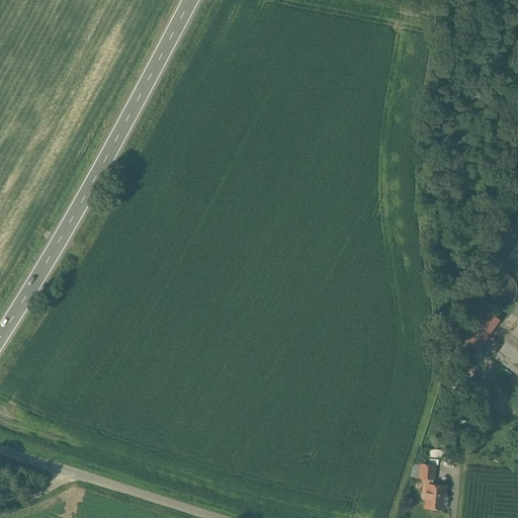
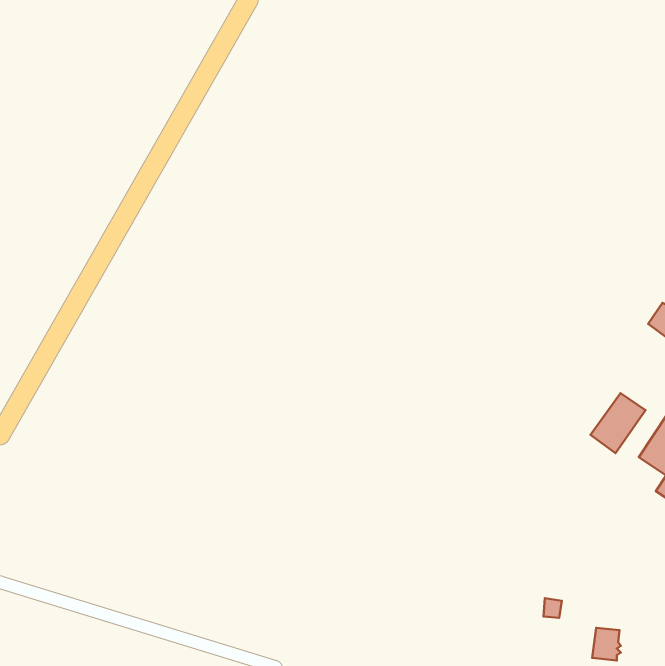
building: [427,485,449,510] -> [592,628,621,660]

